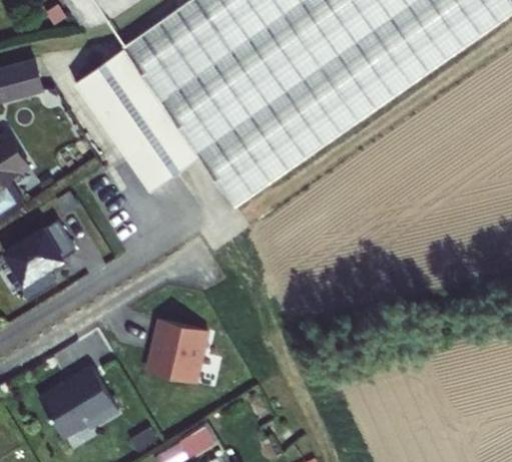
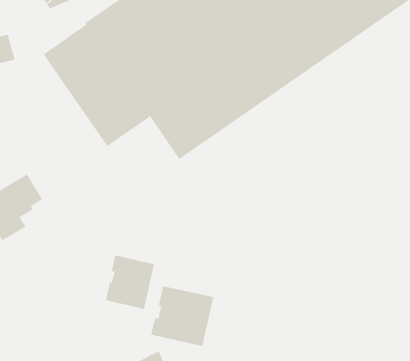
building: none -> [150,286,214,347]
building: [40,363,118,435] -> none

